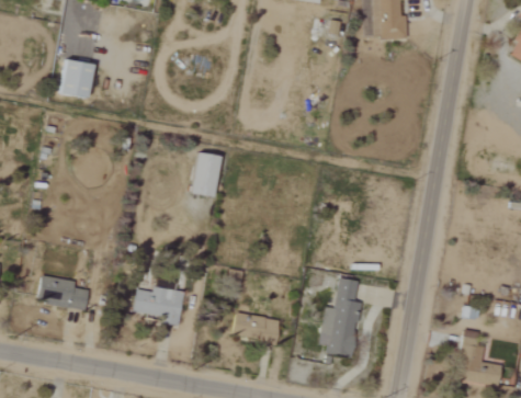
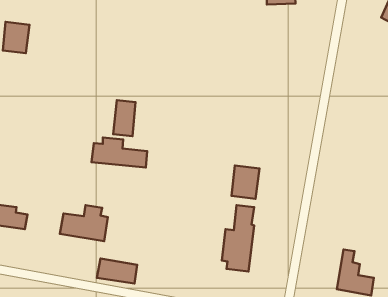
building: none -> [92,138,147,167]
building: none -> [231,165,260,199]
building: [231,312,280,342] -> [97,259,137,283]

